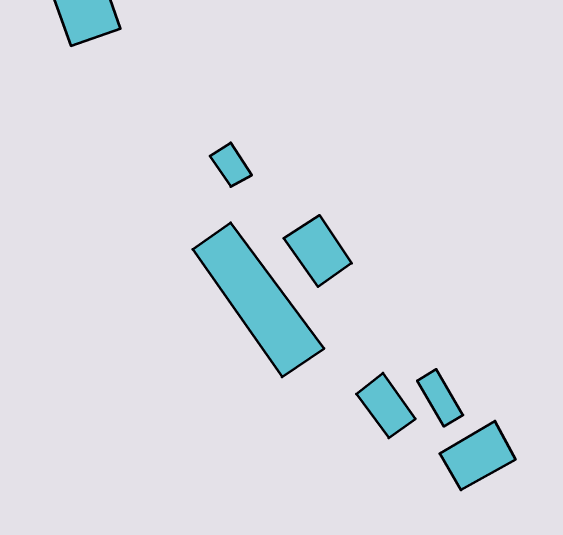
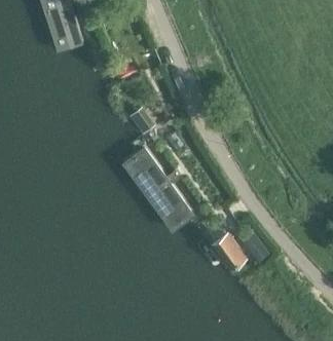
building: [284,215,352,287] -> none
building: [440,421,515,490] -> none

